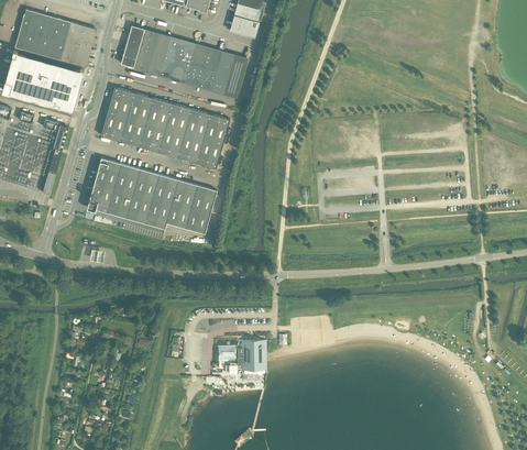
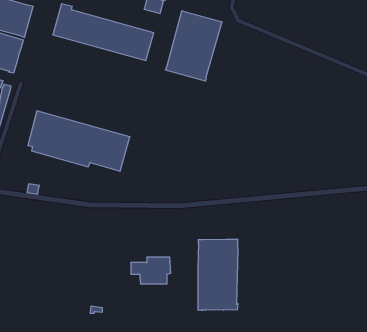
building: none -> [166,11,222,81]
building: [100,87,229,168] -> none
building: none -> [198,239,238,310]

